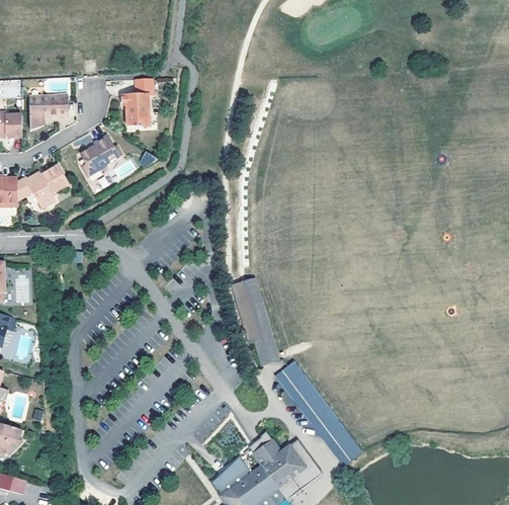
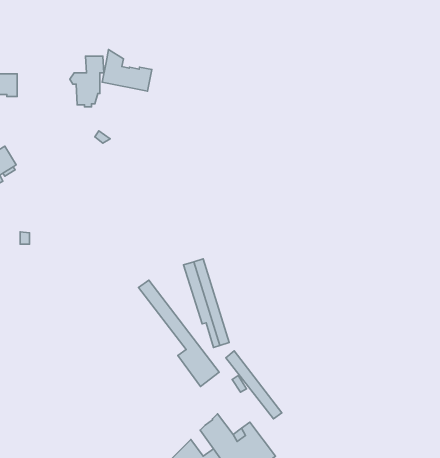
building: none -> [102,50,152,91]
building: [82,134,122,174] -> none
building: [281,359,360,464] -> [138,280,219,387]

